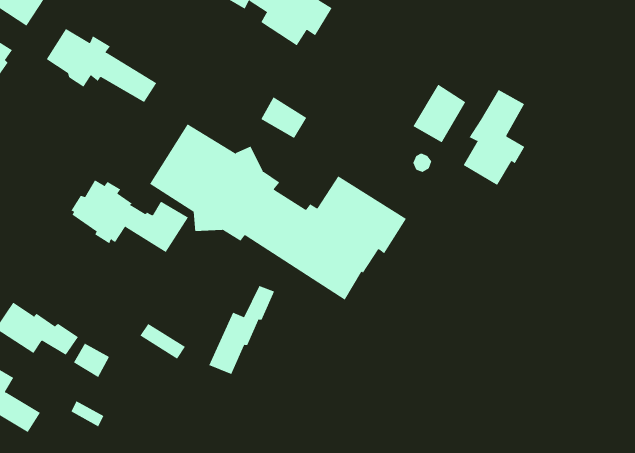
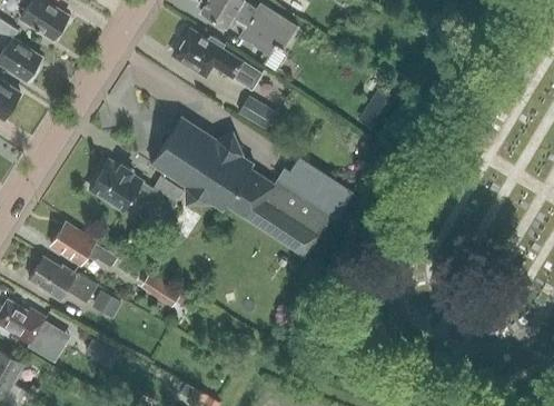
building: [46,28,157,103] -> [175,30,263,89]
building: [463,89,525,186] -> none
building: none -> [51,224,118,267]
building: [208,285,275,375] -> none

